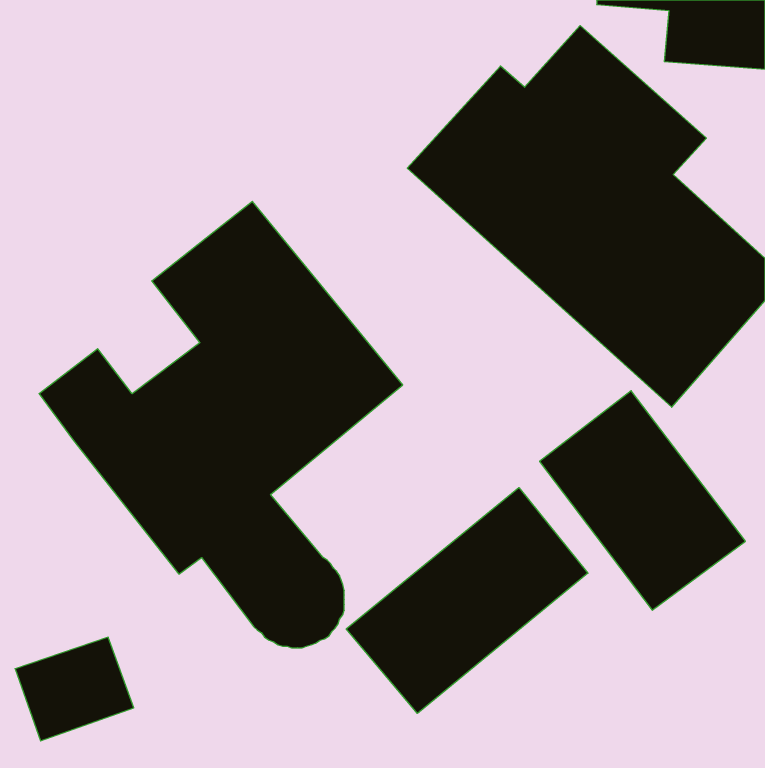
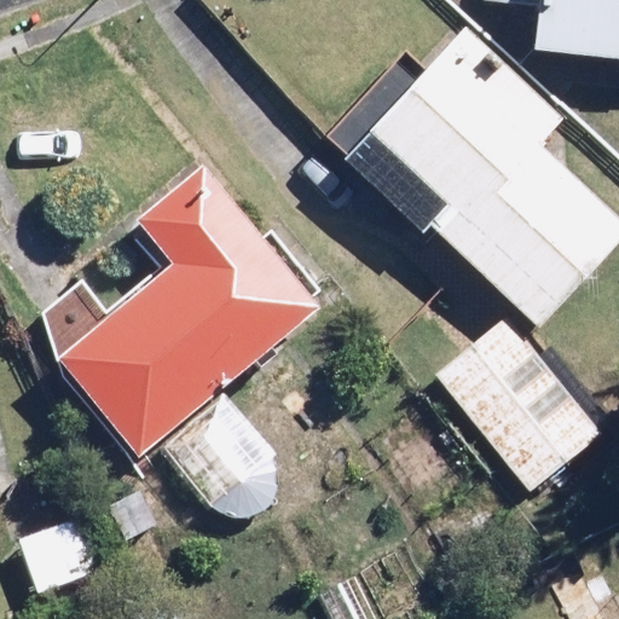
building: [346,488,588,713] -> none

